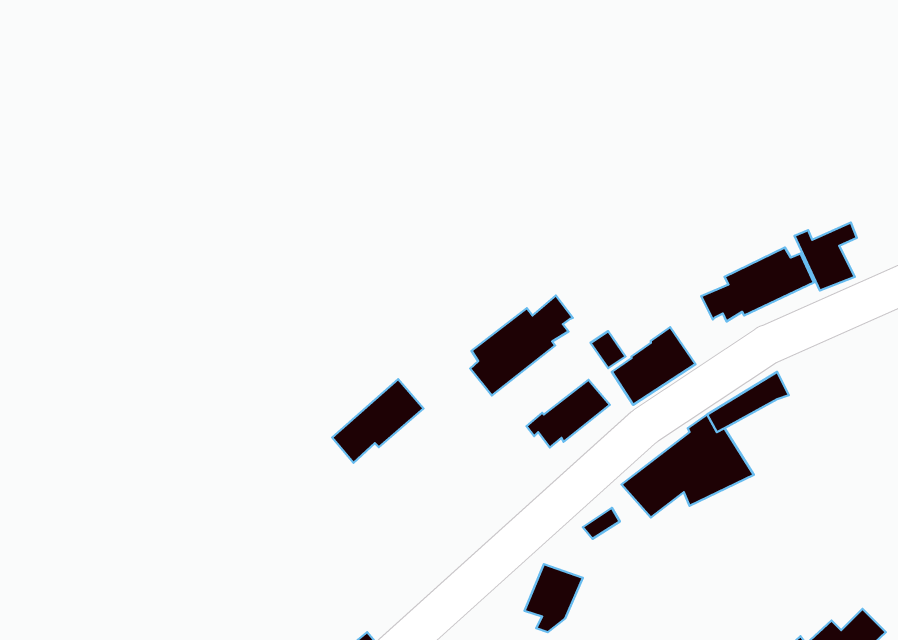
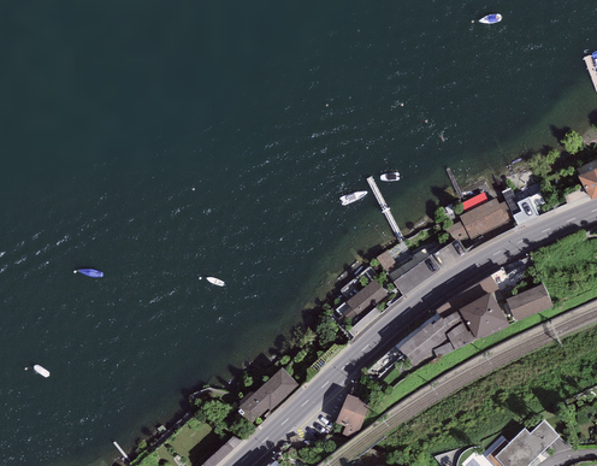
building: [470,295,573,396] -> none
building: [332,379,423,463] -> [244,368,301,420]
building: none -> [506,283,552,320]
building: none -> [459,291,509,338]

